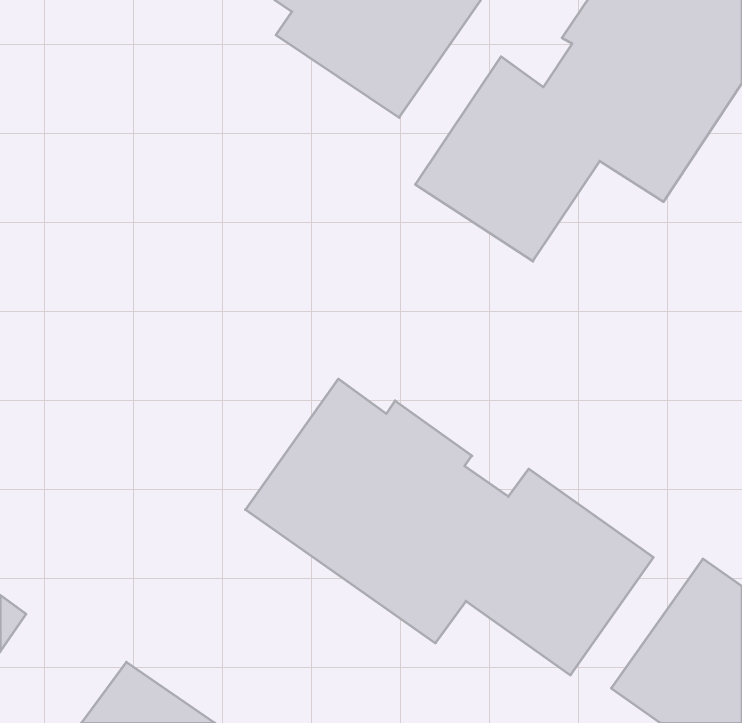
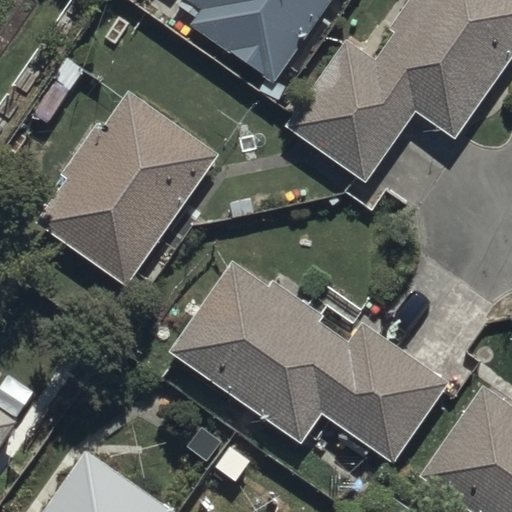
building: none -> [31,91,219,287]

